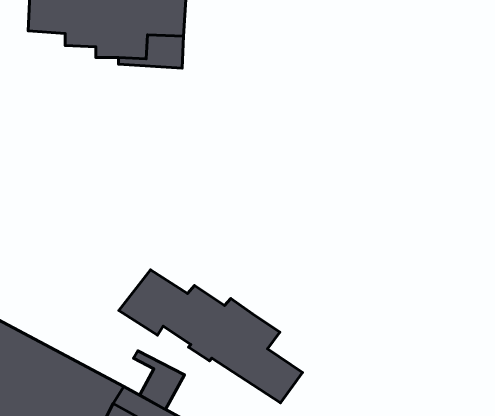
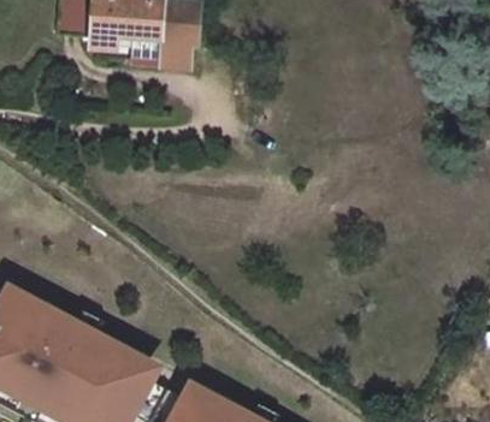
building: [119,270,303,403] -> none
building: [134,351,185,409] -> none

